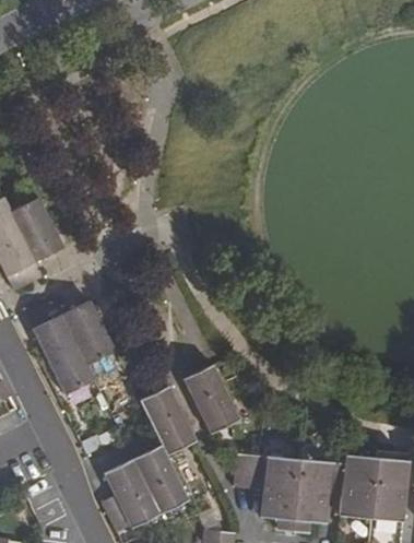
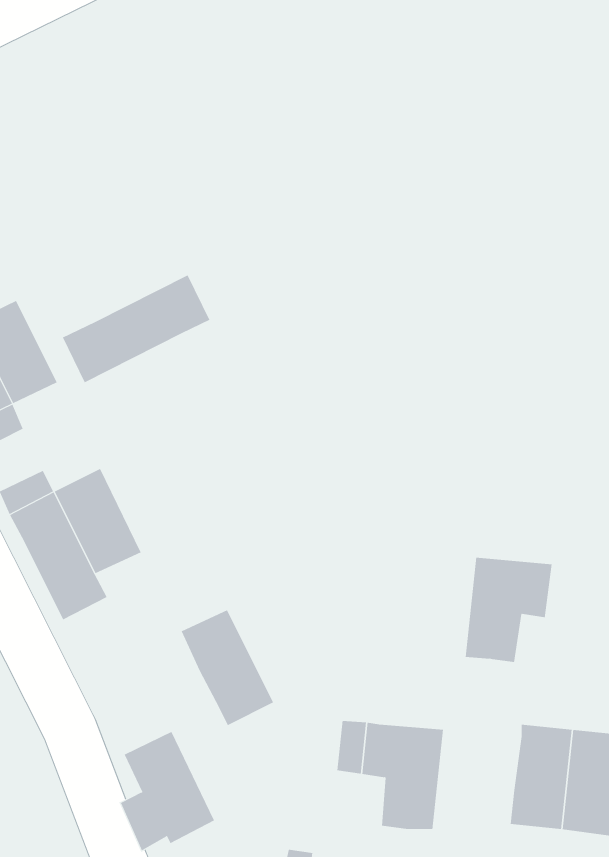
building: none -> [62,274,210,383]
building: [181,365,237,436] -> none
building: [133,446,188,515] -> none
building: [293,459,346,523] -> [465,557,553,663]

